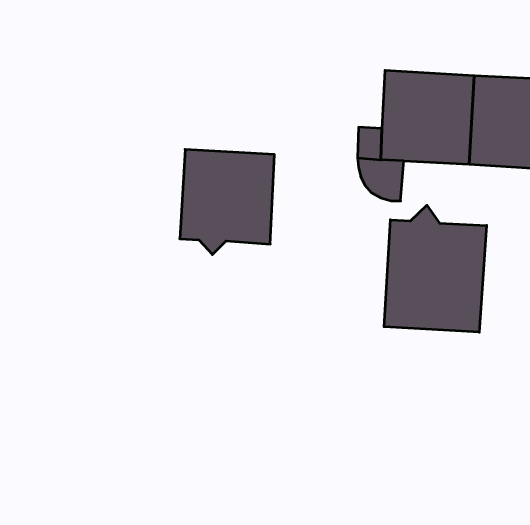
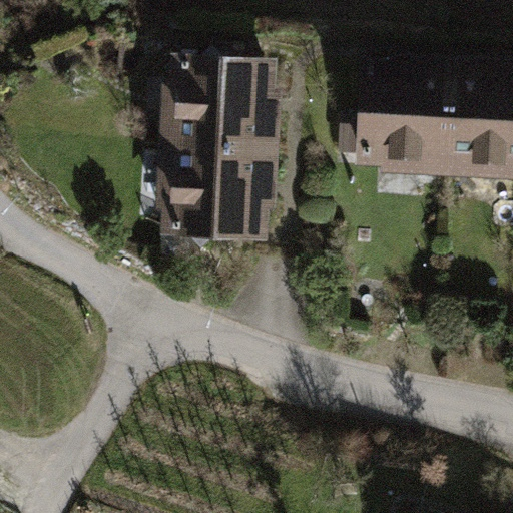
building: none -> [183,57,274,159]
building: [384,205,487,332] -> none

